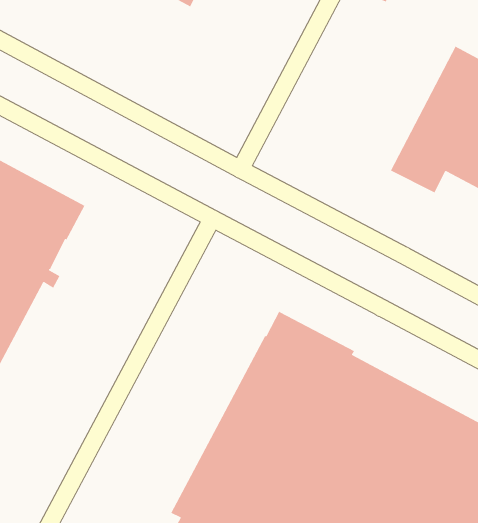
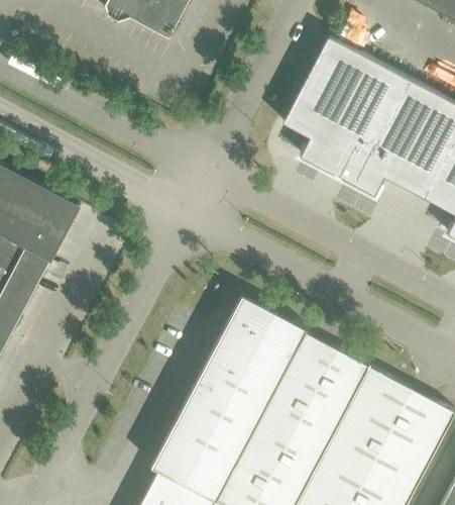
building: none -> [282,36,392,177]

